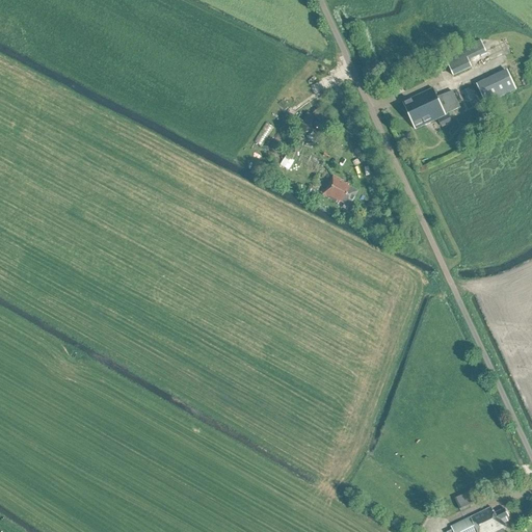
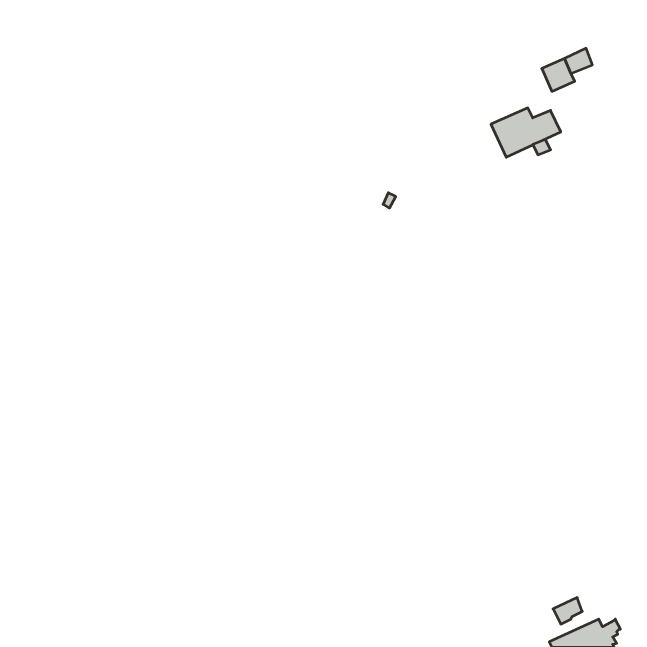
building: [475,70,515,104] -> none
building: [322,176,356,206] -> none

